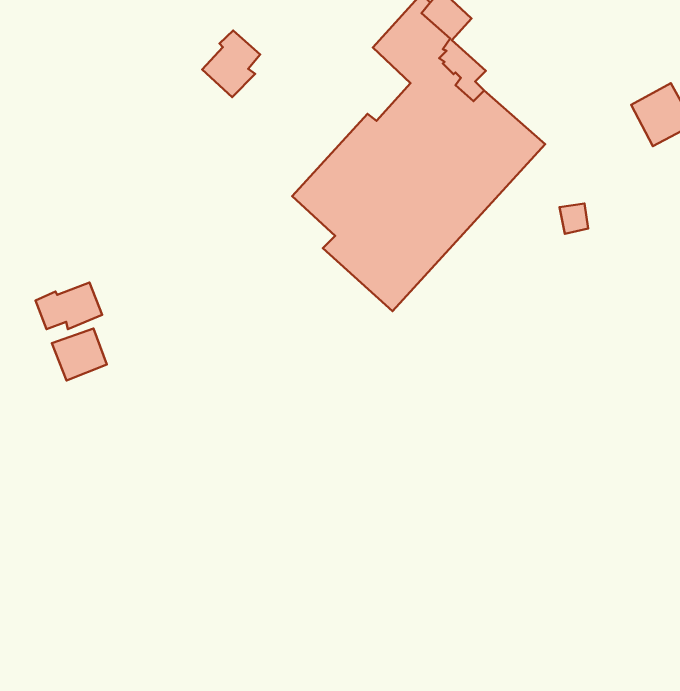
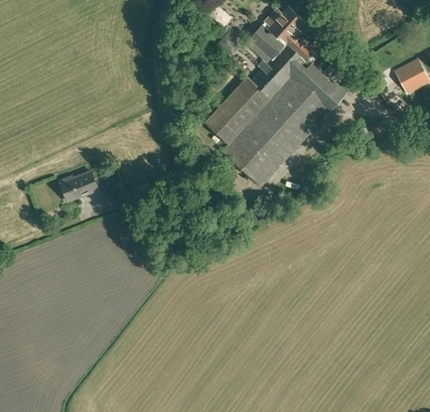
building: [202,31,260,97] -> none
building: [52,328,107,380] -> none

